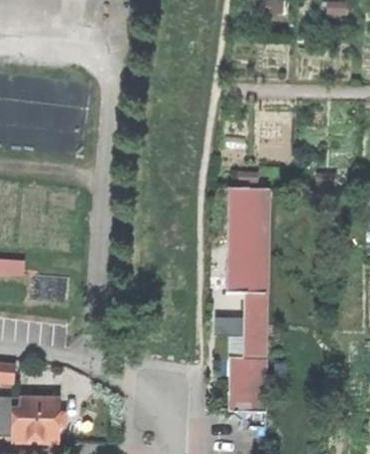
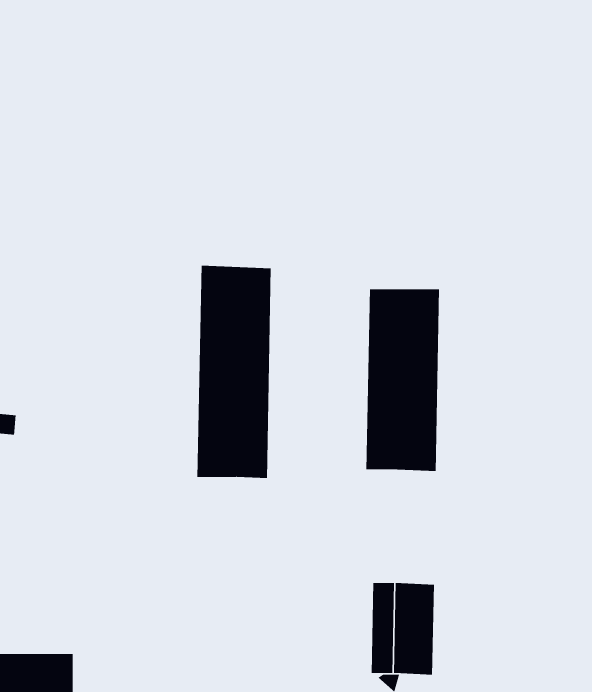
building: none -> [197,265,272,479]
building: [243,293,267,359] -> none

